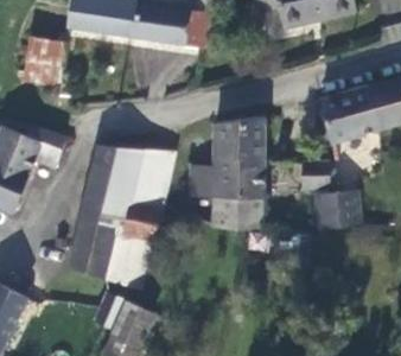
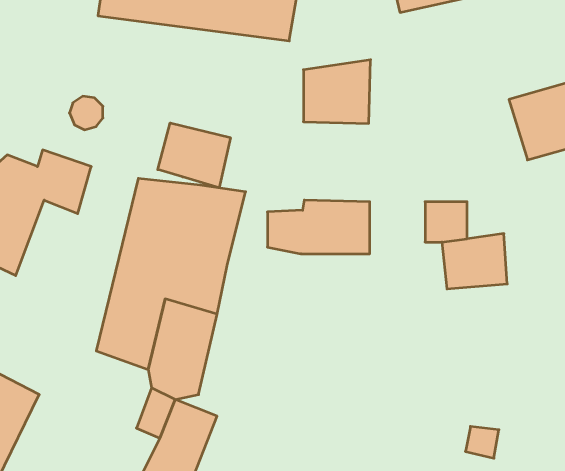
building: [25,34,68,84] -> none
building: [319,89,374,144] -> none
building: none -> [158,123,230,188]
building: [216,116,263,161] -> [303,60,371,123]
building: [214,198,262,230] -> none

